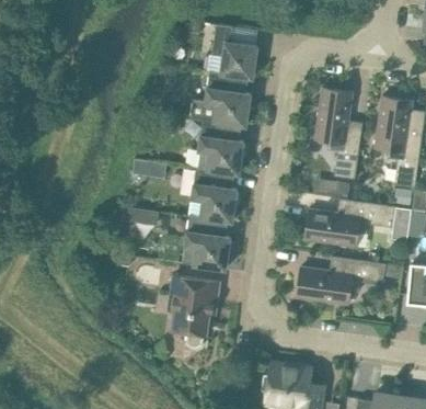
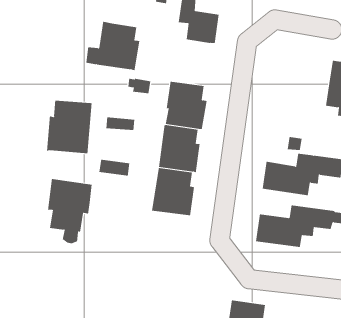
building: [191,71,251,126] -> [86,21,140,71]
building: [315,88,362,179] -> none
building: none -> [46,100,92,154]
building: [169,275,219,348] -> [47,179,93,244]

